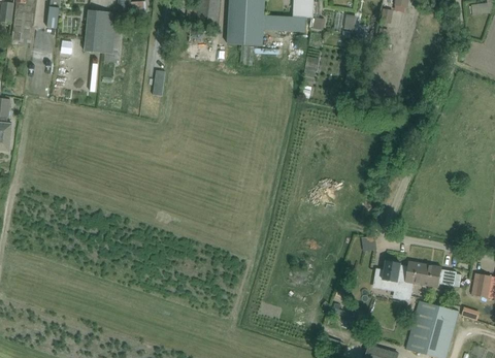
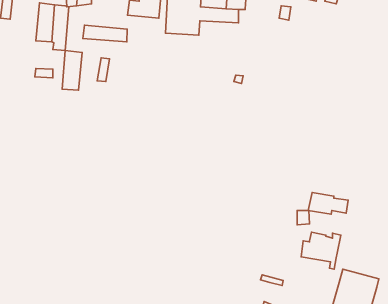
building: none -> [83,25,127,42]
building: none -> [62,50,82,90]
building: [411,262,455,286] -> [308,192,348,214]

